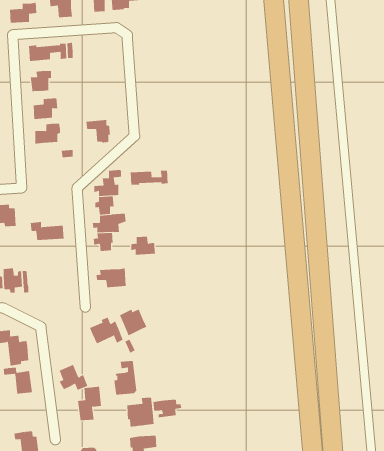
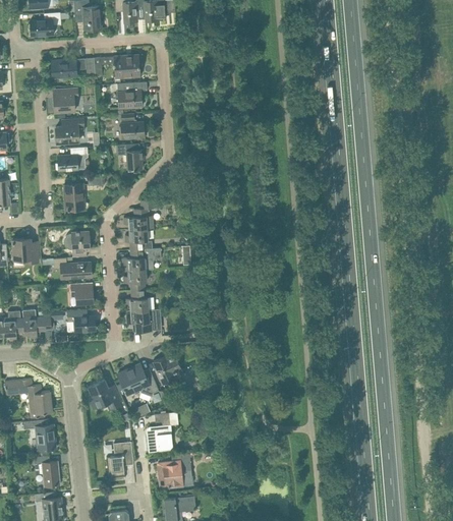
building: none -> [114,55,139,77]
building: none -> [117,81,147,109]
building: none -> [120,113,145,138]
building: none -> [64,184,84,210]
building: [130,170,168,185] -> none
building: none -> [64,231,90,257]
building: [130,236,156,255] -> [125,290,154,311]
building: none -> [70,283,94,304]
building: none -> [66,309,96,334]
building: [59,364,88,391] -> [89,380,121,409]
building: [153,399,182,418] -> none
building: none -> [30,456,60,487]

